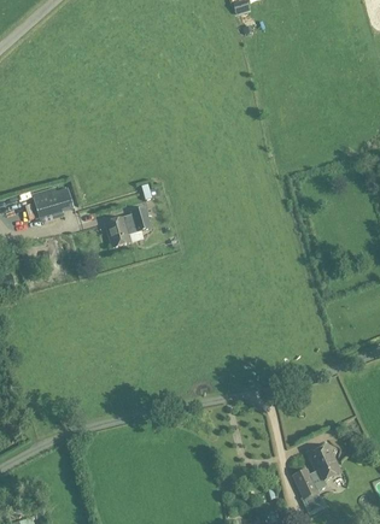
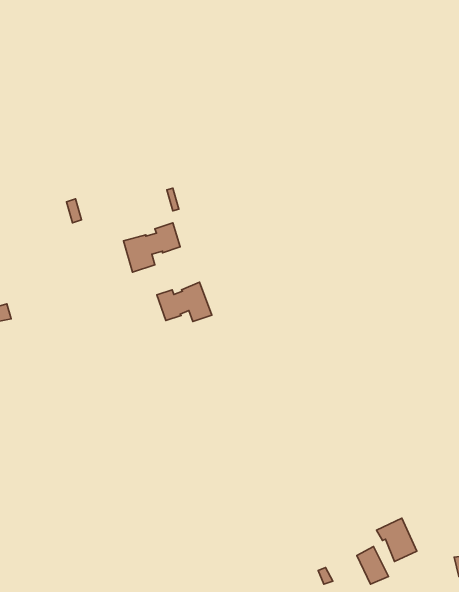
building: [33,189,63,218] -> none
building: none -> [157,282,212,322]

